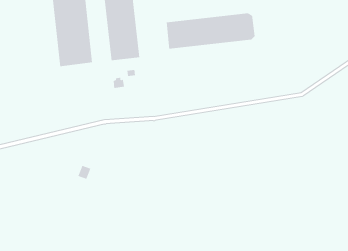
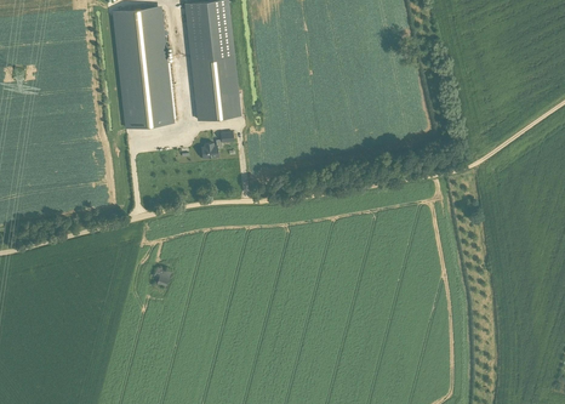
building: [166,12,255,50] -> none

